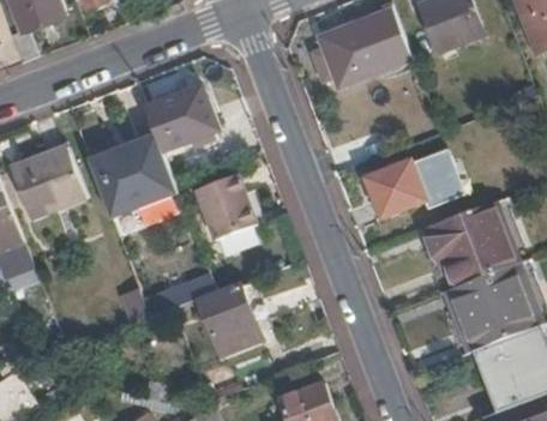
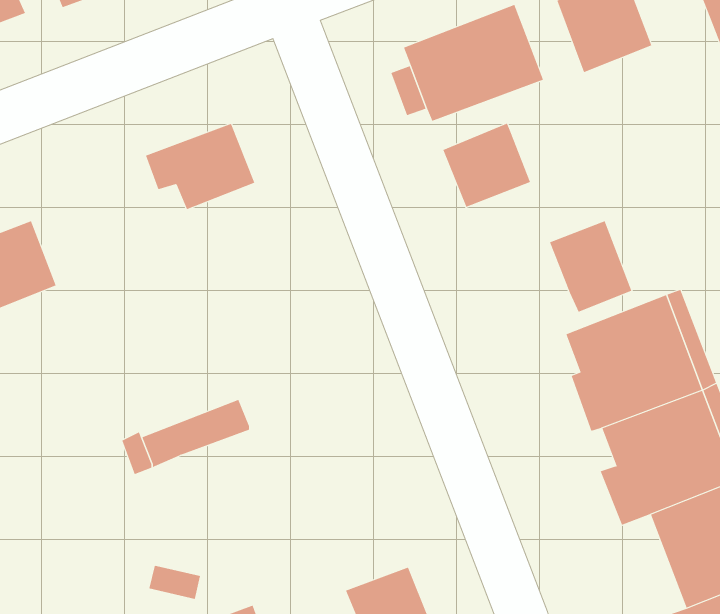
building: [88,136,176,219] -> none
building: [367,162,426,218] -> [443,123,531,208]
building: [188,174,257,241] -> none
building: [198,283,268,356] -> none

